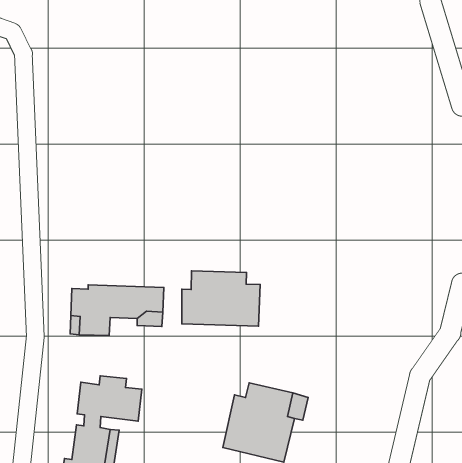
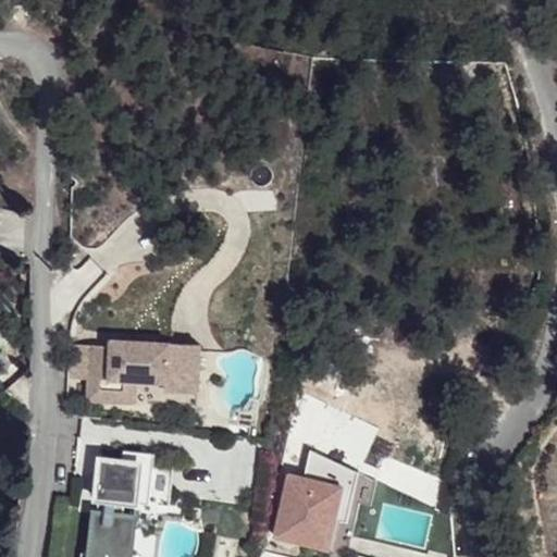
building: [182,271,260,326] -> none

